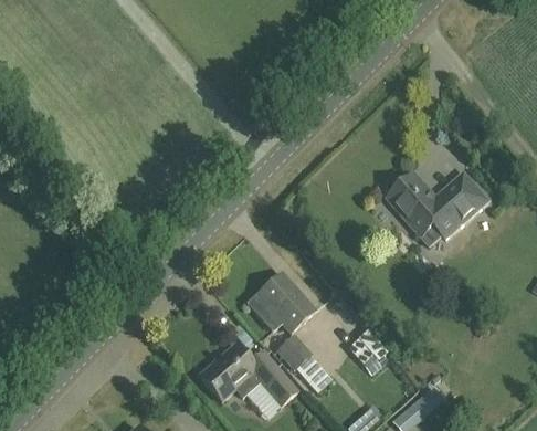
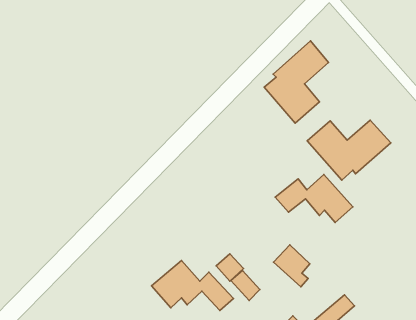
building: none -> [264,41,329,123]
building: none -> [275,175,353,222]
building: [246,272,314,332] -> none

